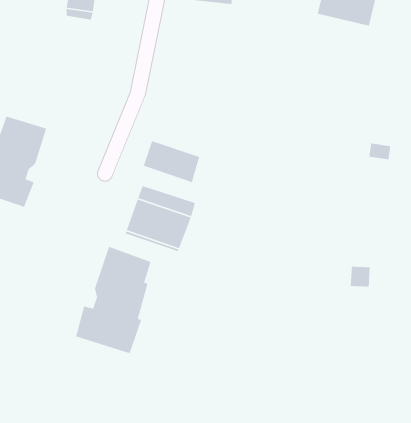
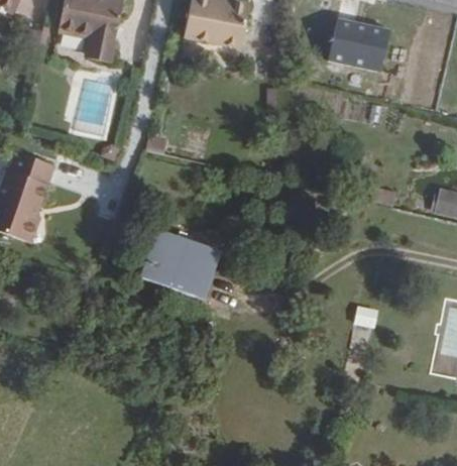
building: [143,140,200,183] -> none
building: [75,246,152,354] -> none

